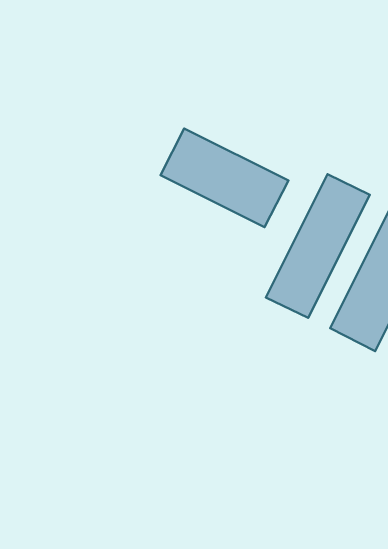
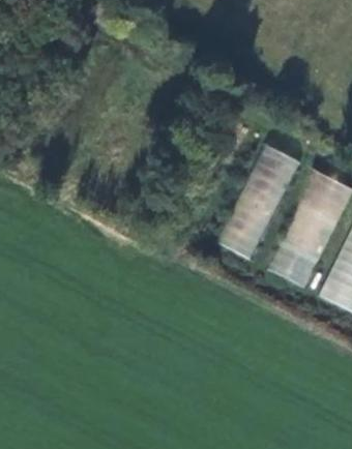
building: [160,129,288,227] -> none

